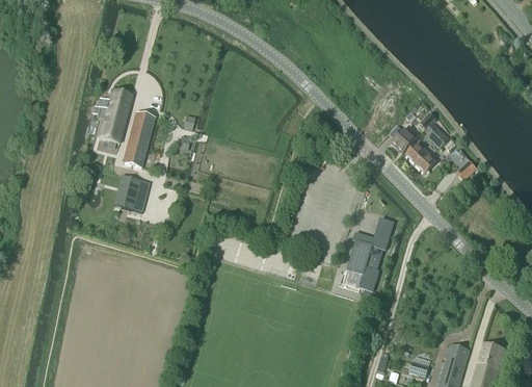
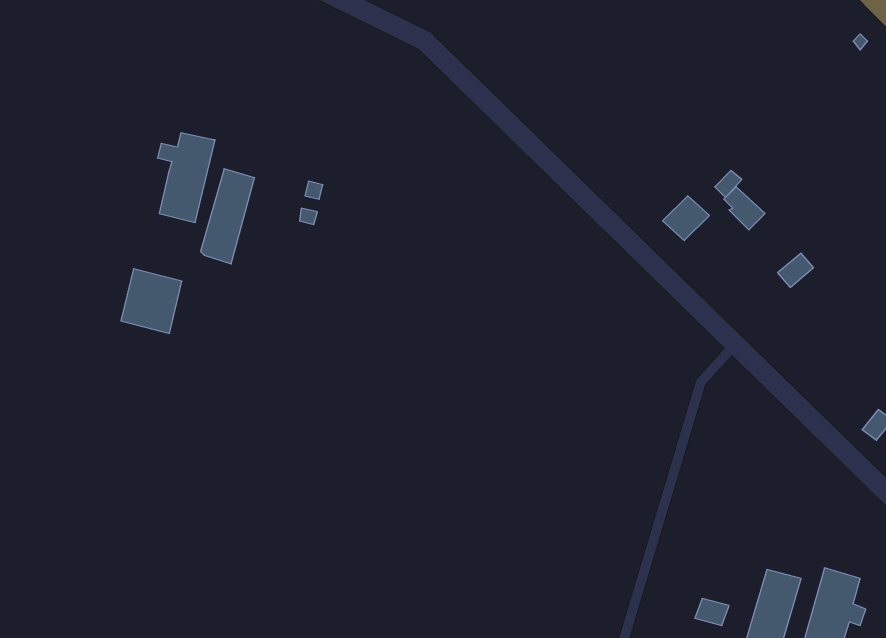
building: [406,143,434,173] -> none
building: [113,175,149,212] -> [121,269,182,333]
building: [347,218,393,300] -> none

